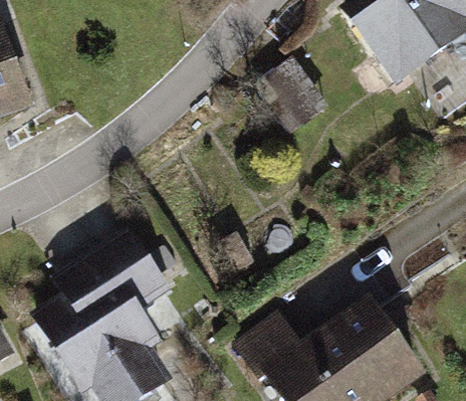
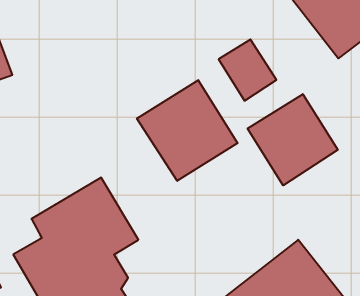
building: none -> [137,80,238,181]
building: none -> [248,94,338,185]

